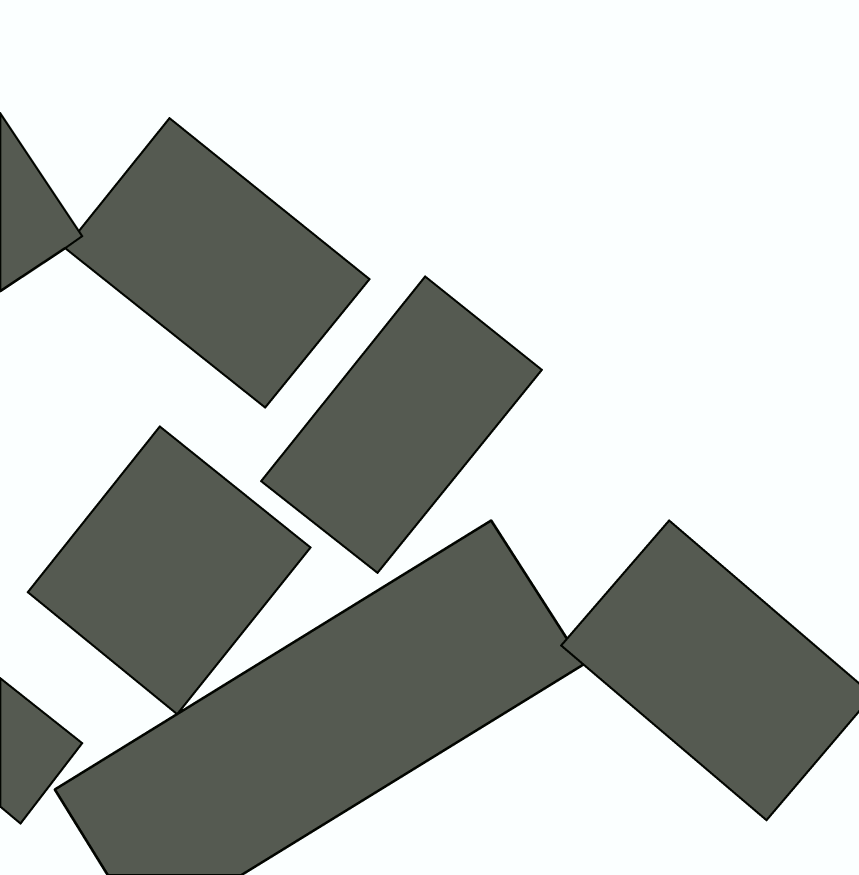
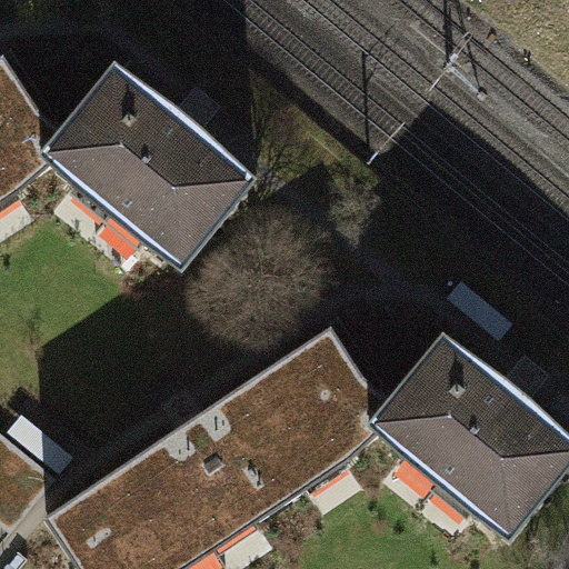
building: [261,276,542,573] -> none
building: [28,427,311,714] -> none

